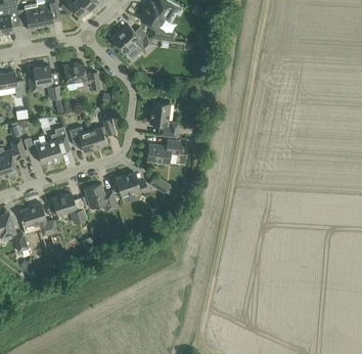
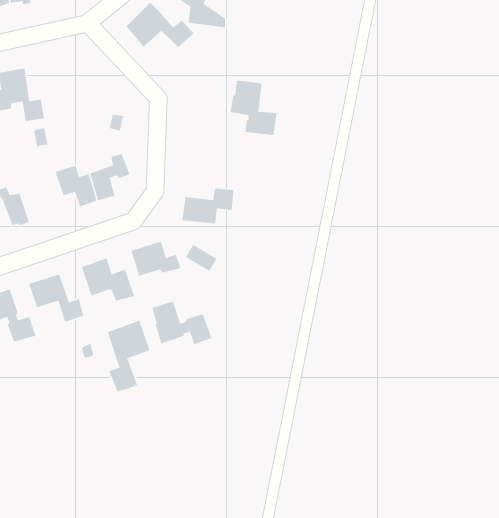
building: [62,63,99,90] -> none
building: [148,102,178,137] -> [230,80,277,136]
building: [46,127,71,162] -> none
building: none -> [151,301,213,345]
building: none -> [107,319,151,393]

